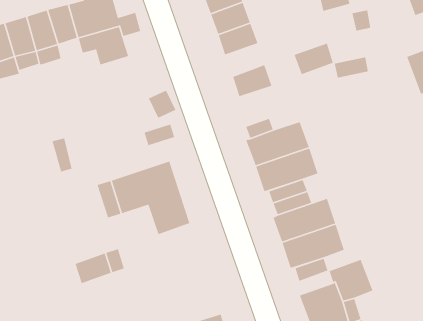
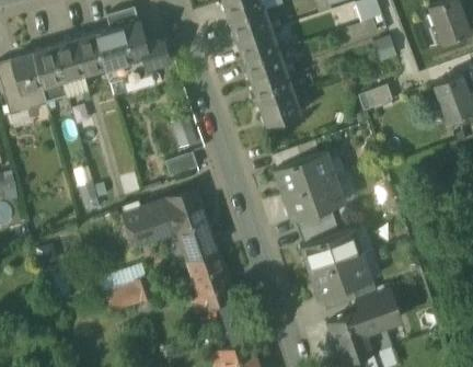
building: [293,42,334,75] -> [251,72,291,105]
building: none -> [185,253,231,312]

